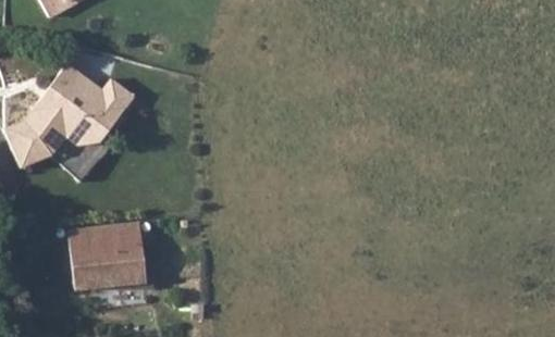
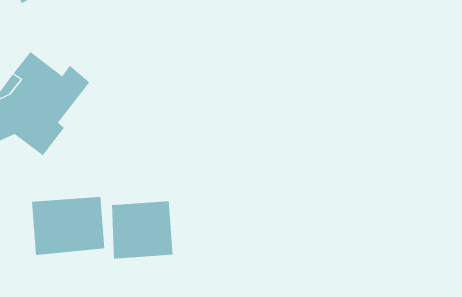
building: none -> [112,201,173,260]

